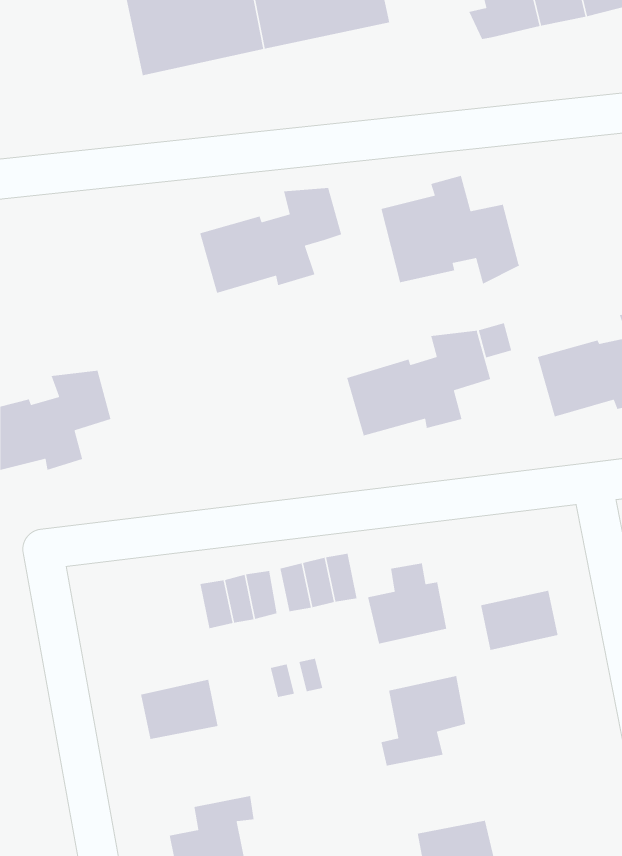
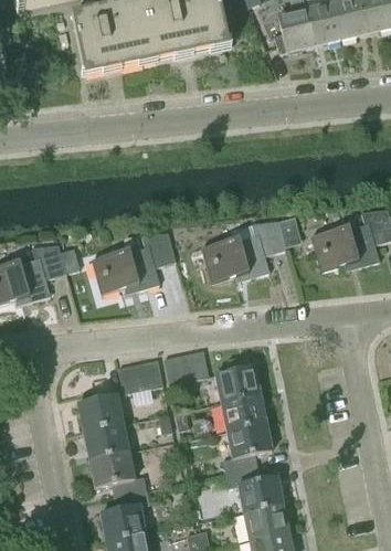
building: [380,175,520,285] -> none
building: [199,187,342,294] -> [93,232,176,294]
building: [480,590,558,651] -> [221,393,266,428]
building: none -> [77,394,123,431]
building: none -> [88,449,147,496]
building: none -> [225,466,283,511]

